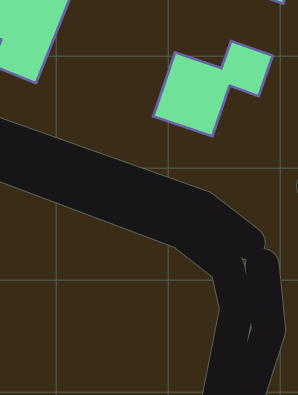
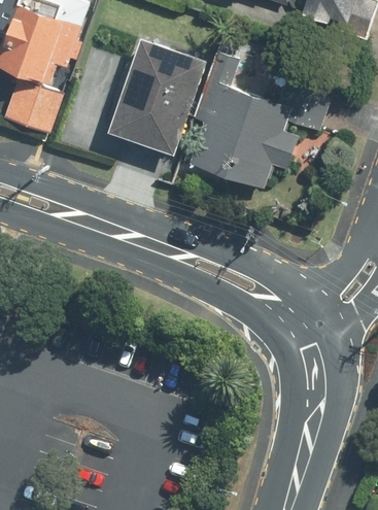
building: none -> [104,37,209,152]

